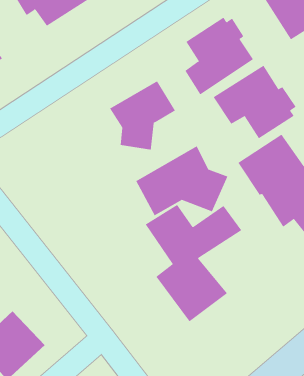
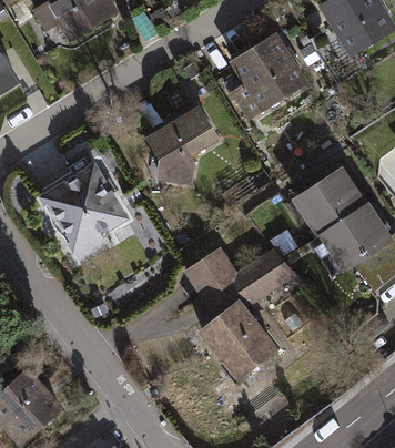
building: [213,65,296,139] -> none
building: none -> [34,160,128,265]
building: [135,145,228,216] -> none

